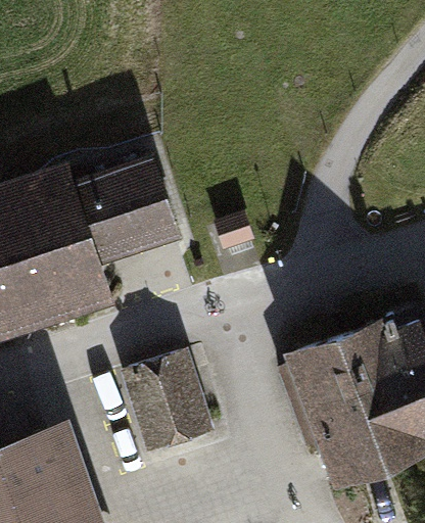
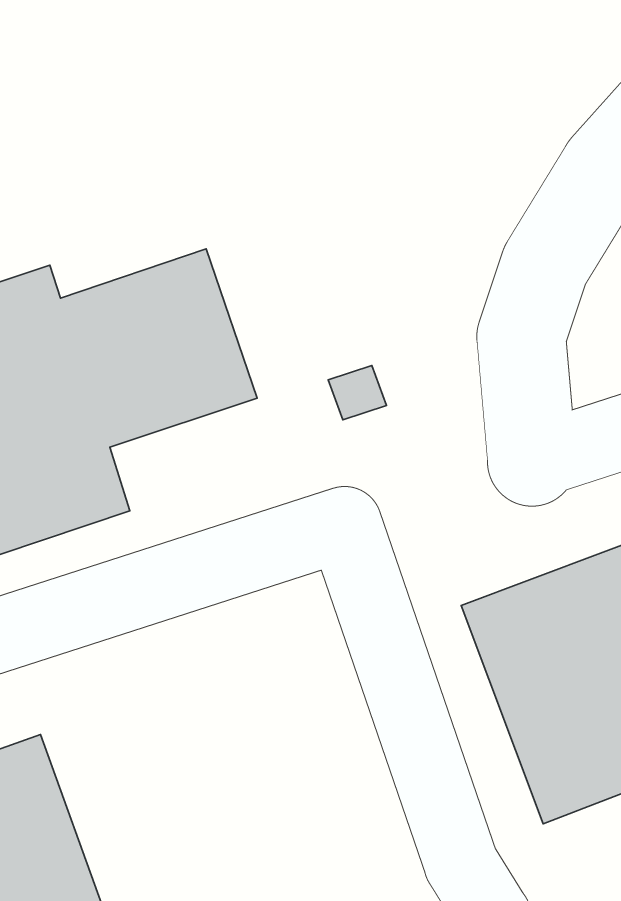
building: [124,356,213,456] -> none

